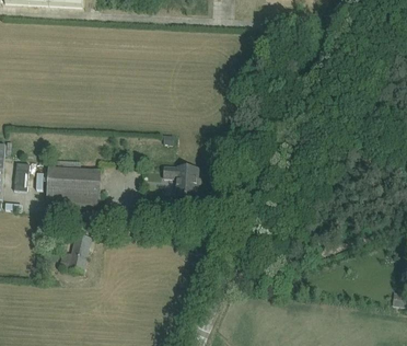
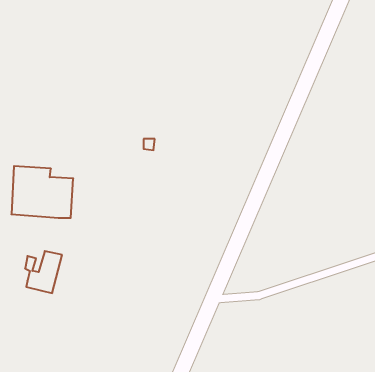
building: [164,165,198,195] -> none

